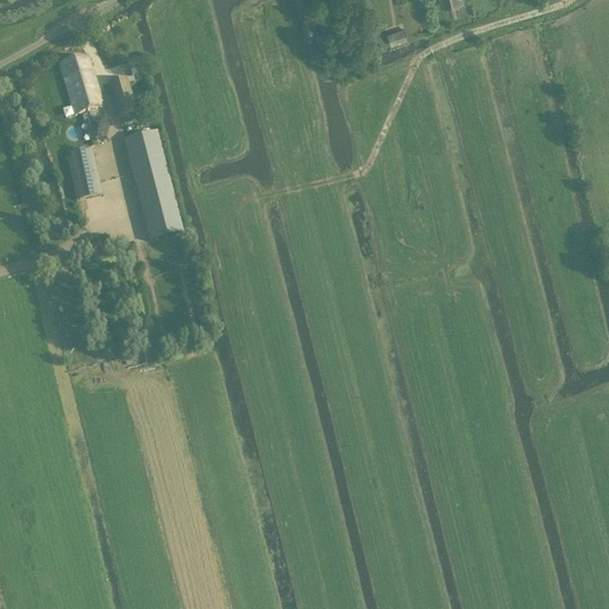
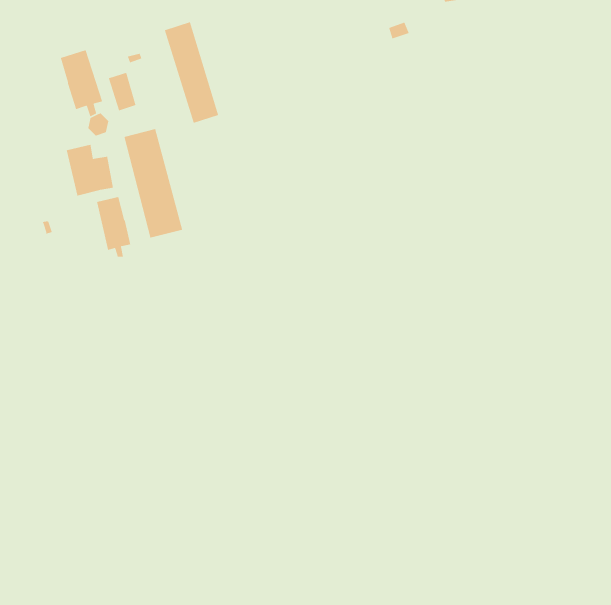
building: none -> [164,21,219,124]
building: none -> [96,196,131,258]

